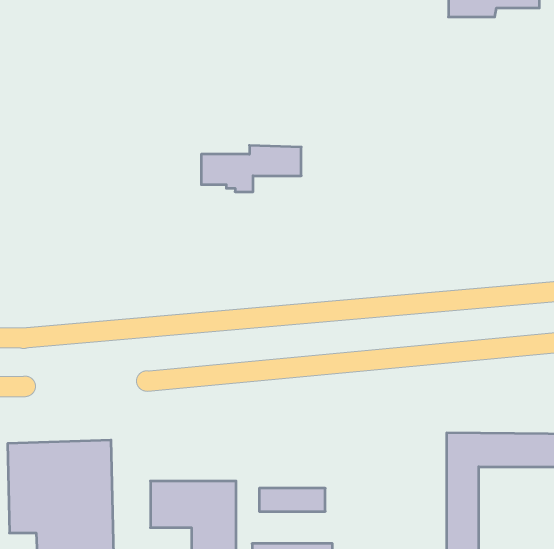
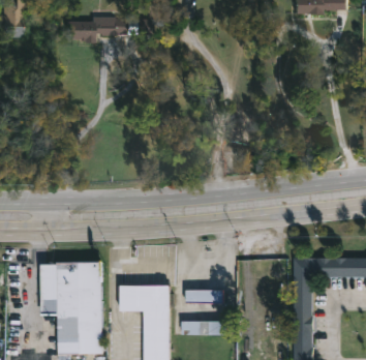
building: [201,145,301,192] -> [64,18,122,44]

